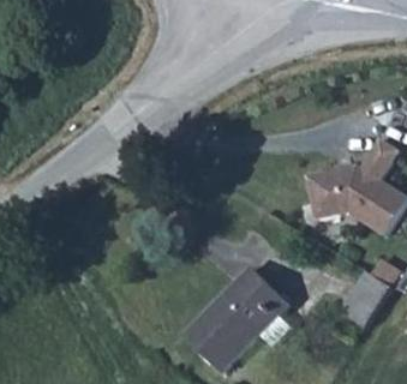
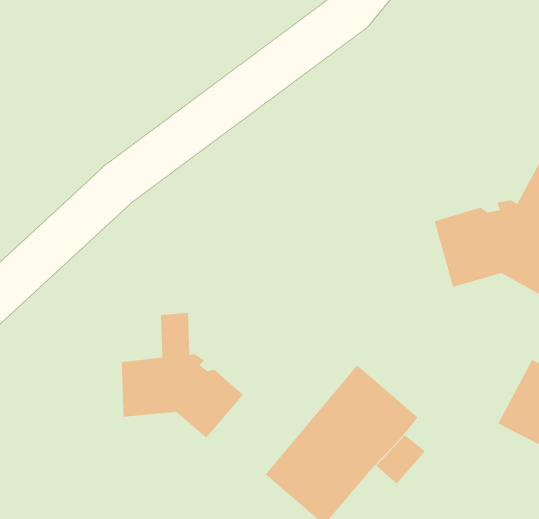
building: none -> [121,312,244,439]

